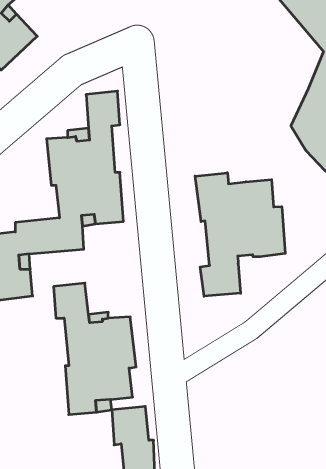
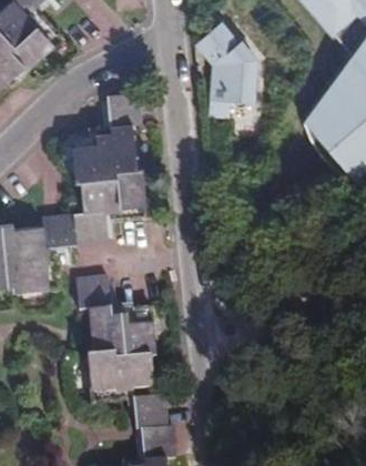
building: none -> [194,13,266,141]
building: [195,173,285,296] -> none

